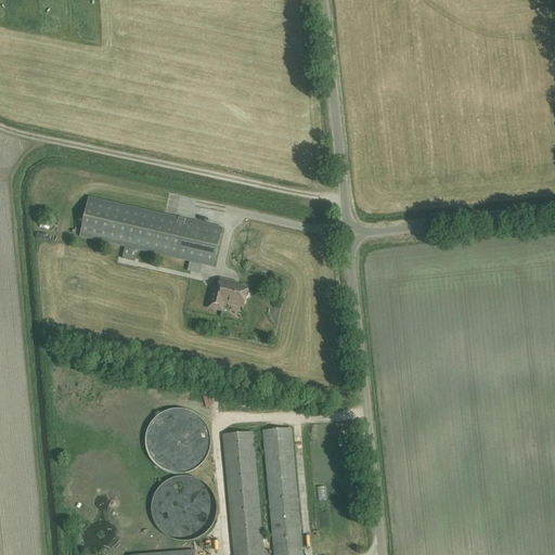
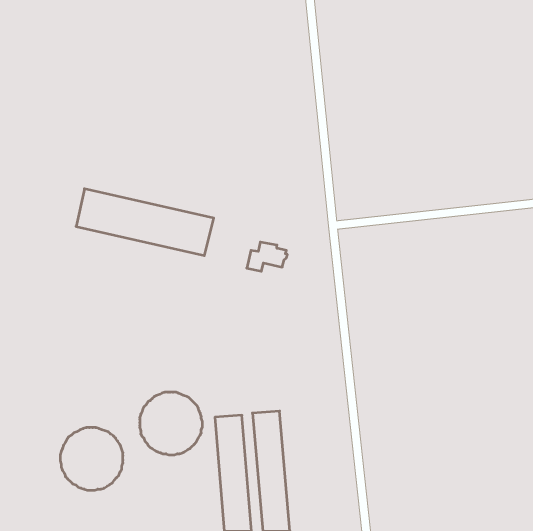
building: [206,279,248,309] -> [247,242,287,271]
building: [151,475,216,540] -> [60,428,123,490]

